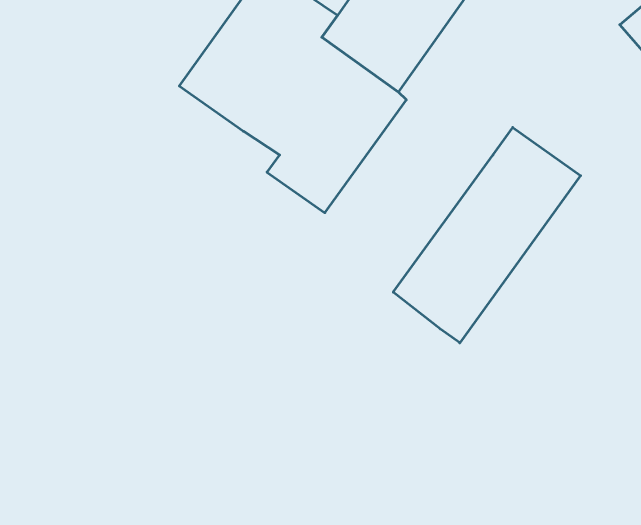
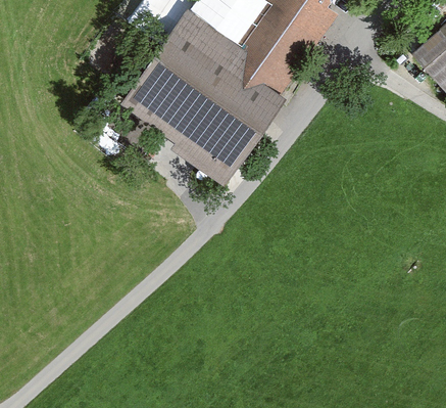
building: [393,127,581,343] -> none

